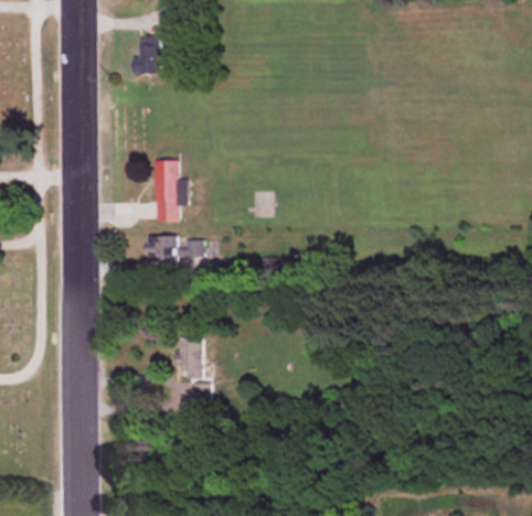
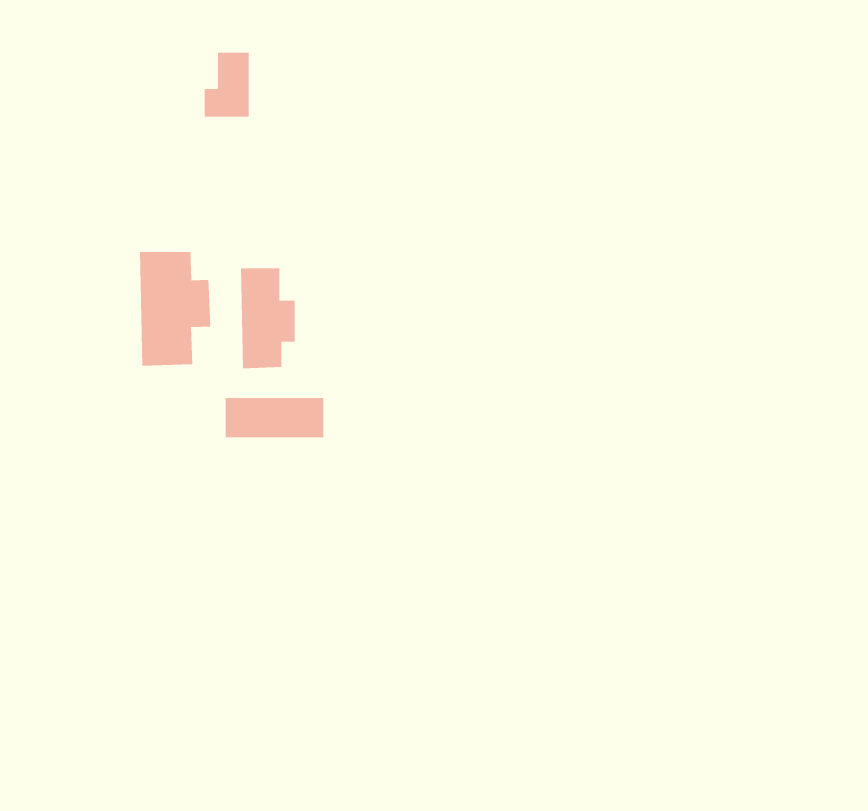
building: none -> [140,251,211,367]
building: [178,337,201,377] -> none

